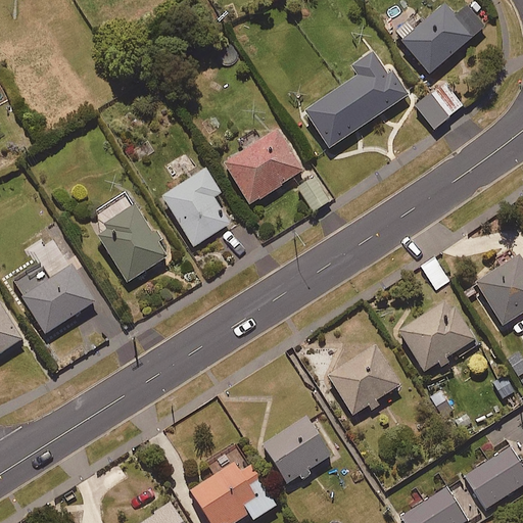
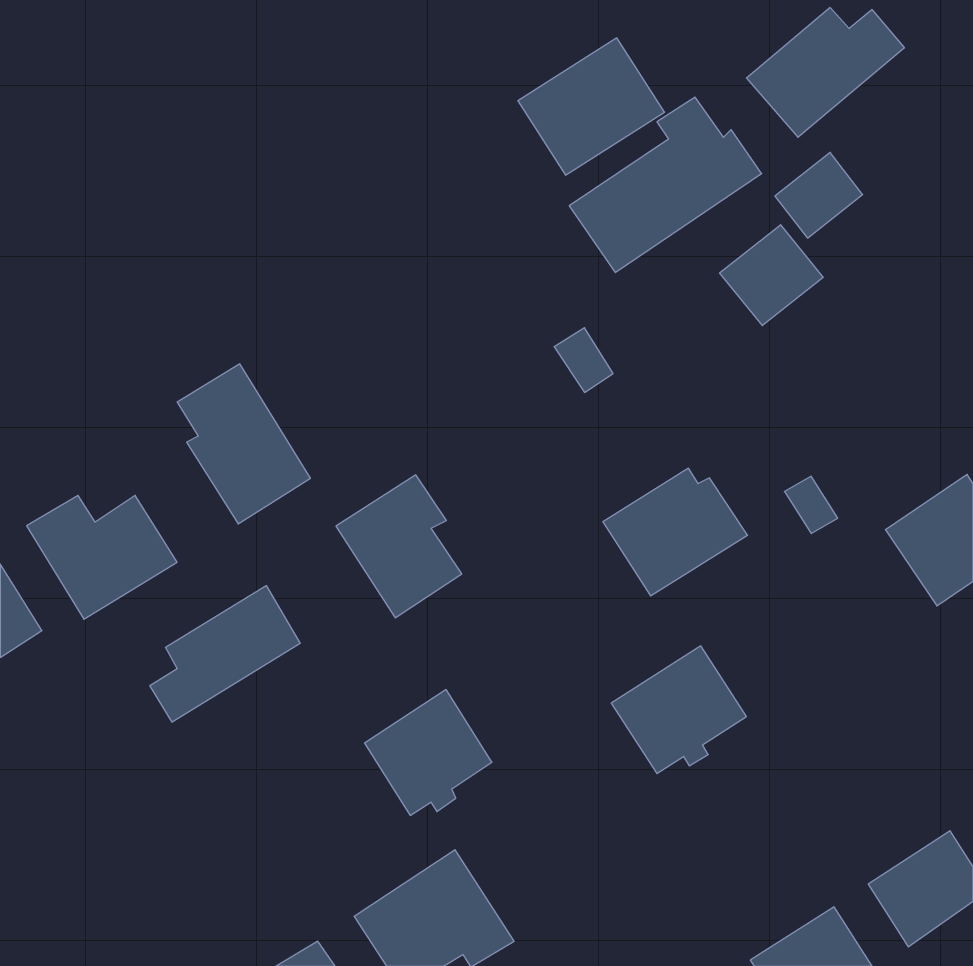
building: none -> [720,225,823,326]
building: [225,130,303,203] -> [518,38,665,175]
building: [162,169,230,245] -> [336,475,462,618]
building: [398,302,476,371] -> [603,468,748,596]
building: none -> [150,586,300,722]
building: [263,417,331,484] -> [364,690,492,815]

